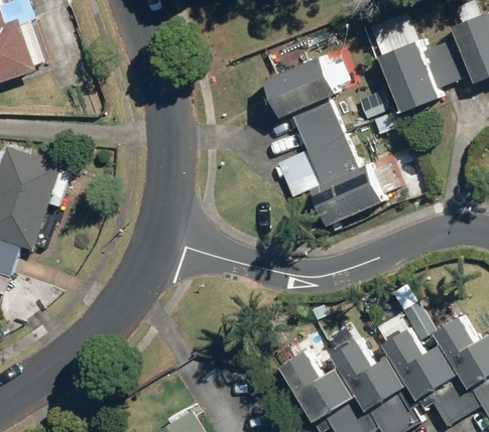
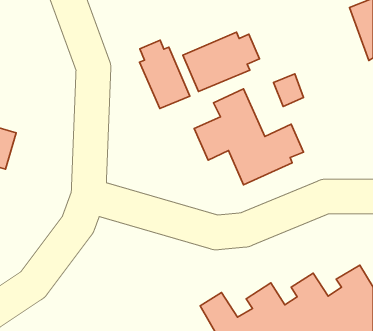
building: [375,30,457,113] -> none
building: none -> [139,40,190,109]

